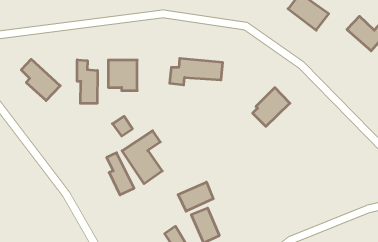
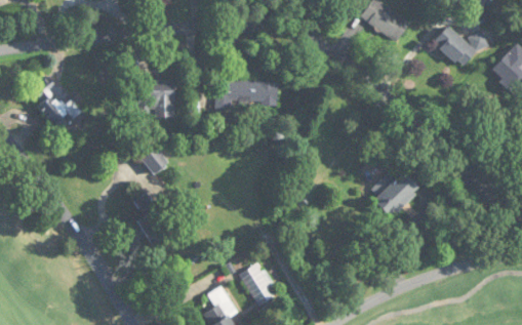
building: [77,60,97,103] -> none
building: [253,88,290,126] -> [373,169,419,217]
building: [122,131,162,184] -> none
building: [178,182,213,211] -> none

